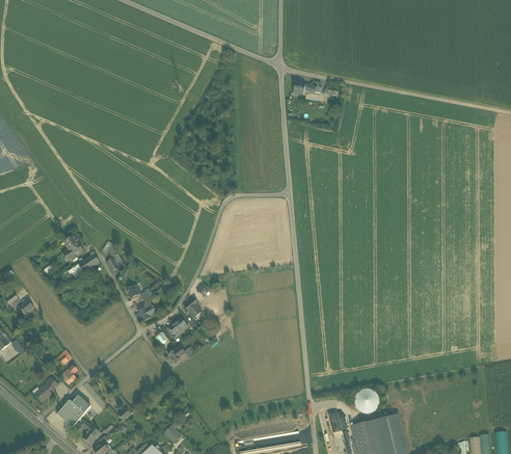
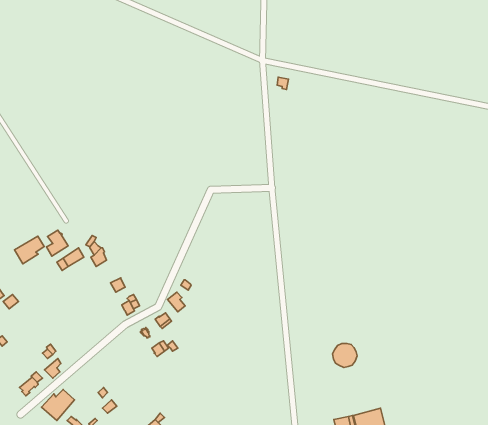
building: none -> [15,236,44,264]
building: [354,390,379,413] -> [332,344,357,367]

